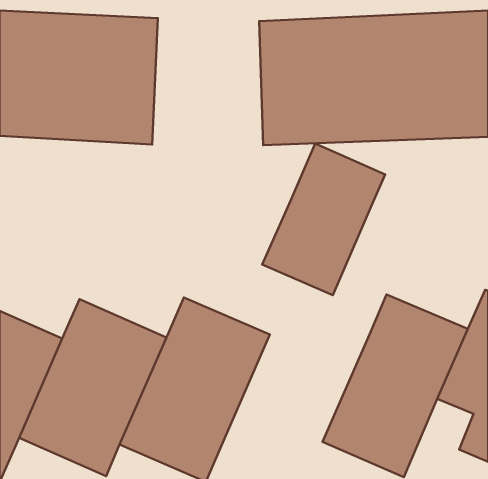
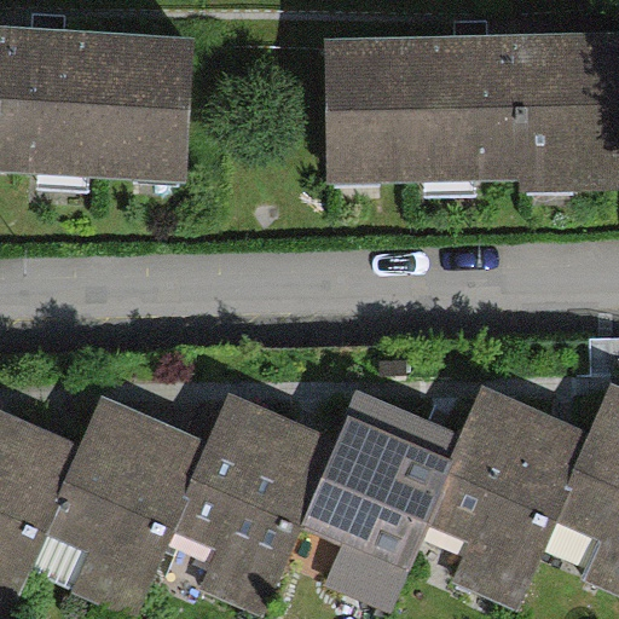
building: [262,143,385,295] -> none
building: none -> [284,391,467,612]

